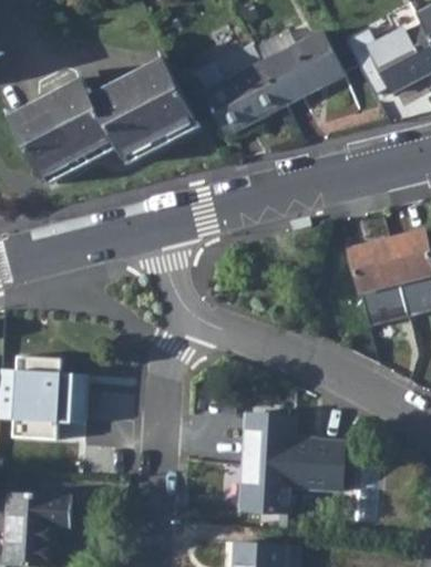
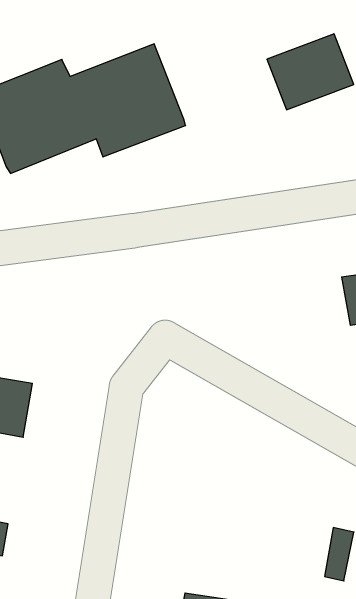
building: [202,45,284,135] -> none
building: [242,414,342,512] -> none

